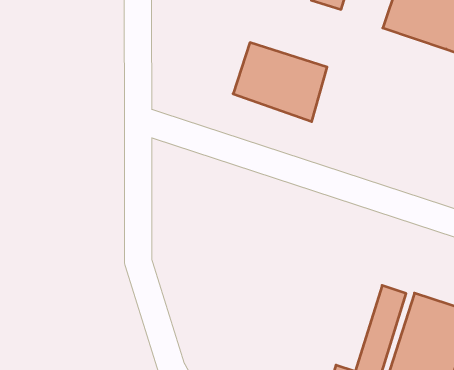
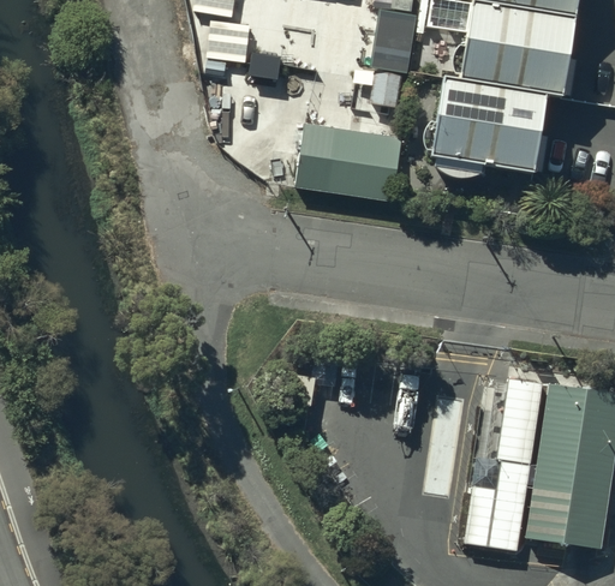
building: none -> [432,76,539,171]

